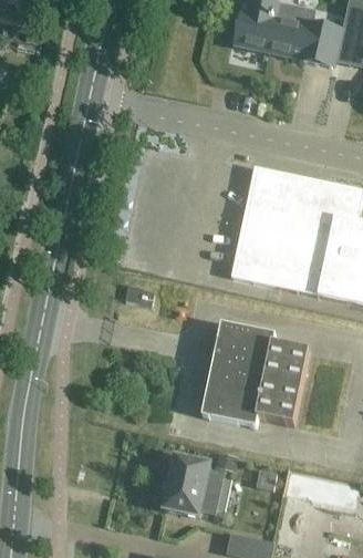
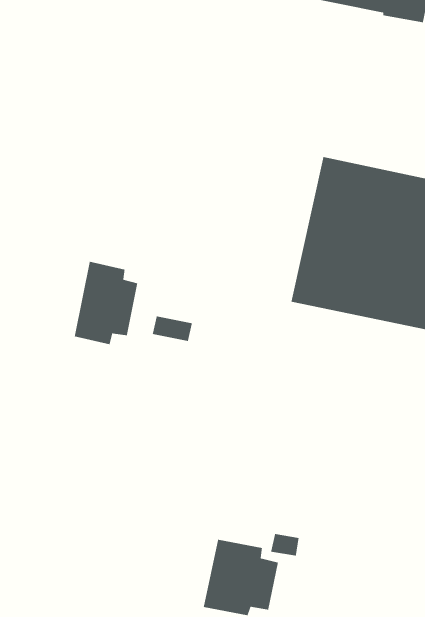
building: none -> [74,261,138,345]
building: [200,321,309,425] -> none

